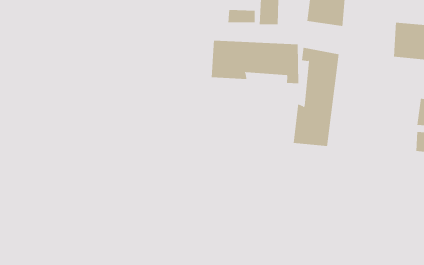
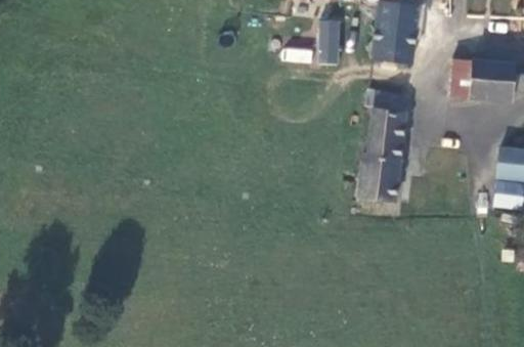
building: none -> [448,58,472,99]
building: [211,40,299,84] -> none

